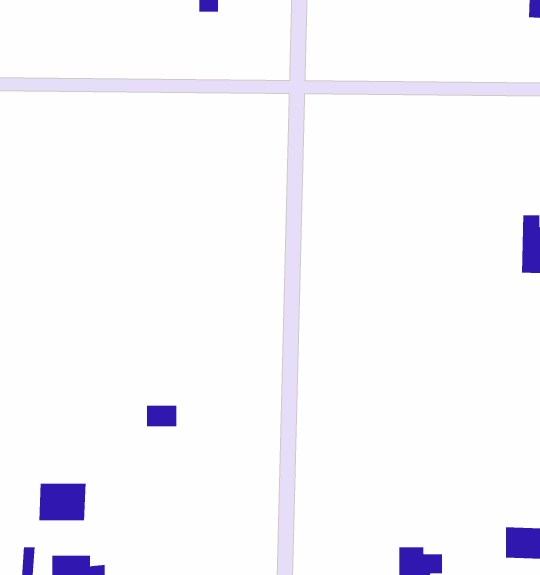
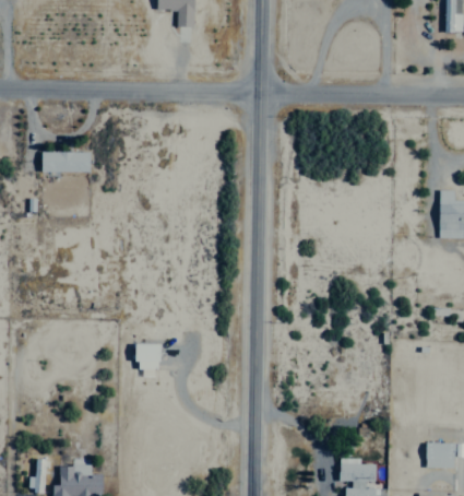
building: none -> [43,151,92,172]
building: [39,483,86,521] -> none

